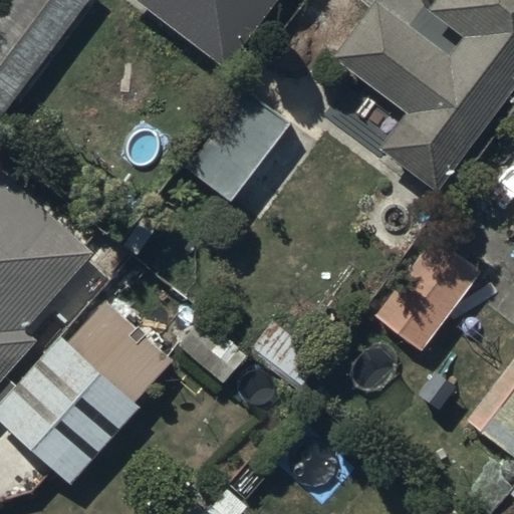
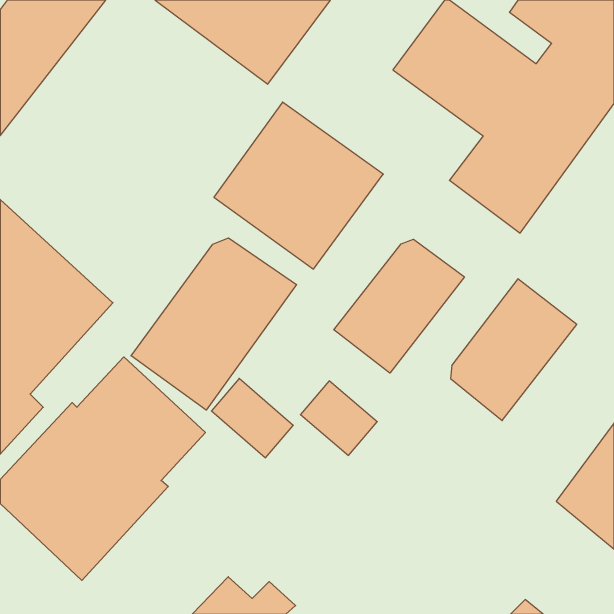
building: none -> [131,238,297,410]
building: none -> [334,239,464,373]

